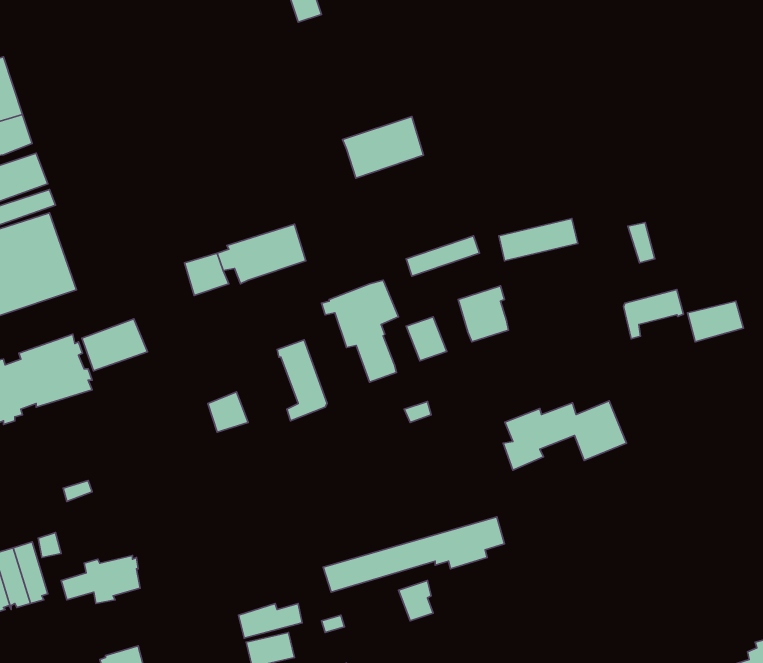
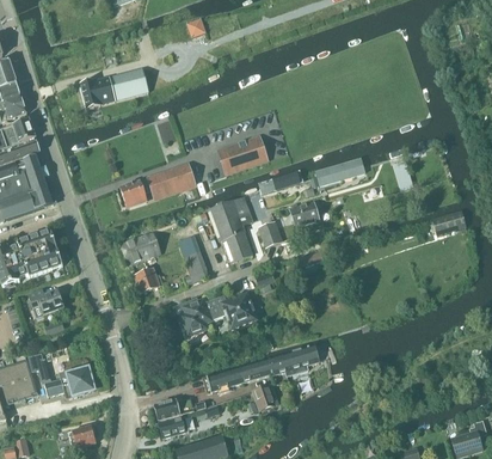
building: none -> [82,68,147,120]
building: [343,117,423,178] -> [216,135,266,173]
building: [623,289,684,339] -> none
building: [82,319,147,371] -> [119,232,160,264]
building: [503,401,626,470] -> [180,293,257,336]
building: none -> [27,289,62,317]

